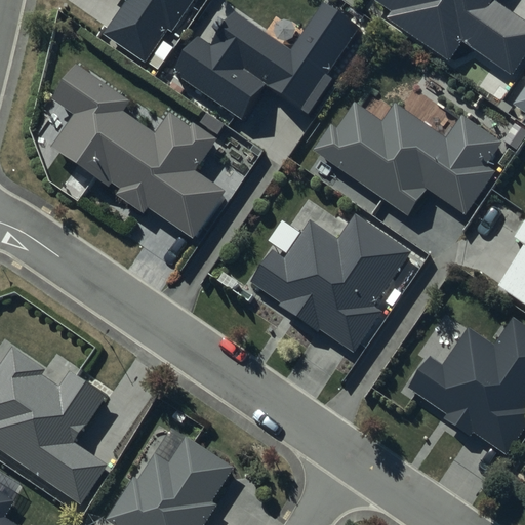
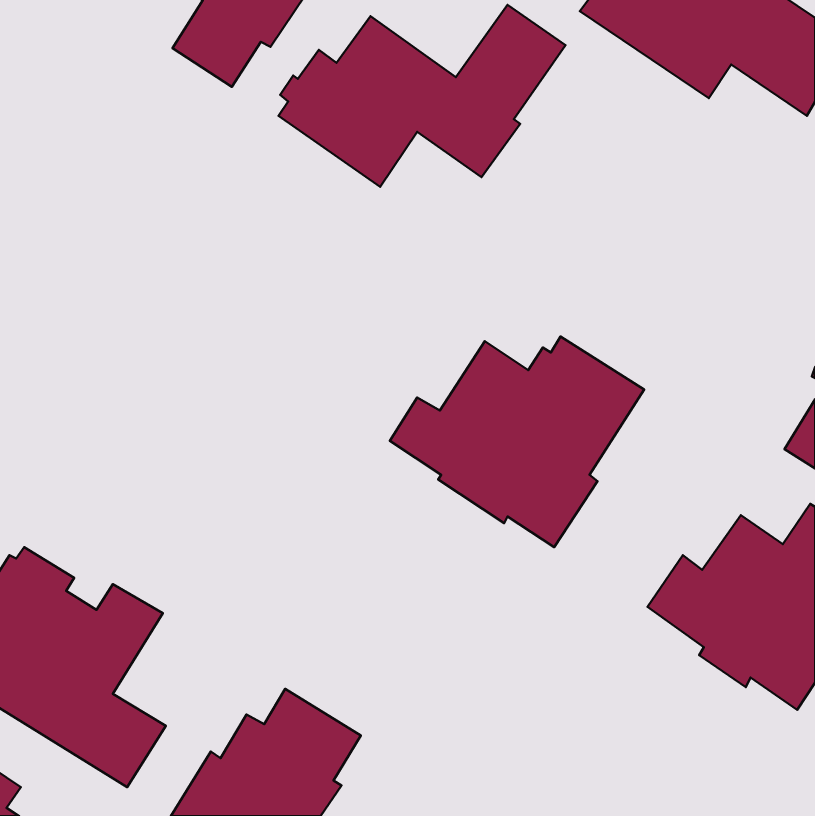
building: [38,67,226,242] -> none
building: [314,103,504,217] -> none

